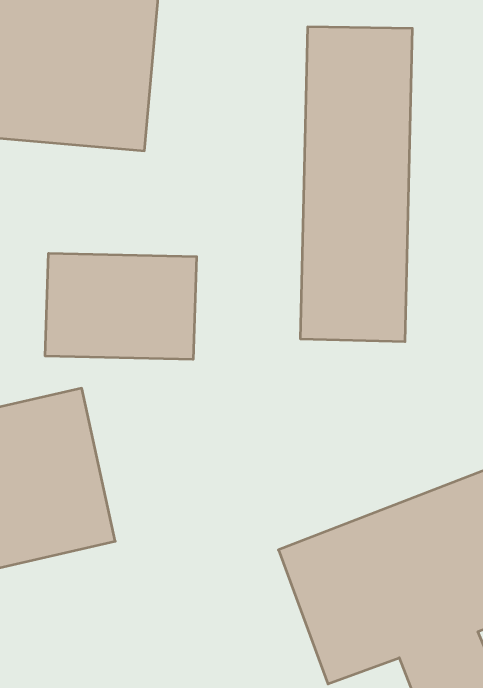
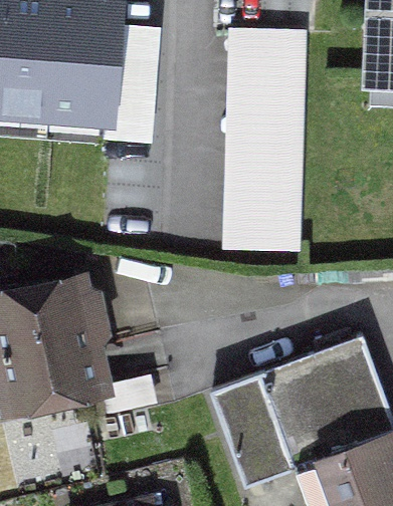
building: [45,253,197,359] -> none

